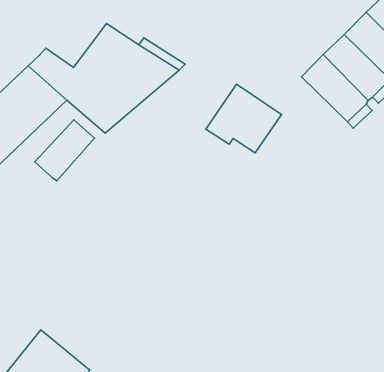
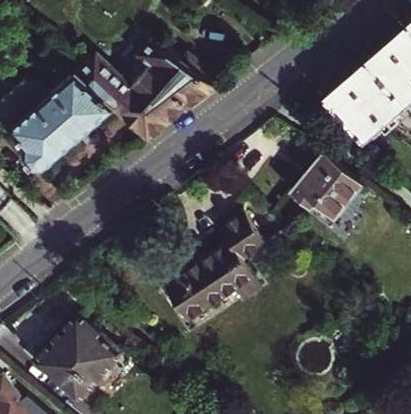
building: [206,84,282,153] -> [288,149,357,212]
building: [35,120,95,181] -> none
building: none -> [163,213,264,318]

